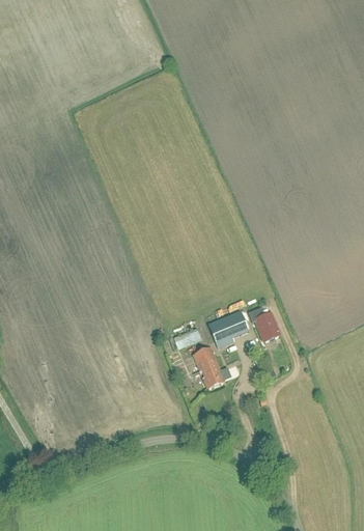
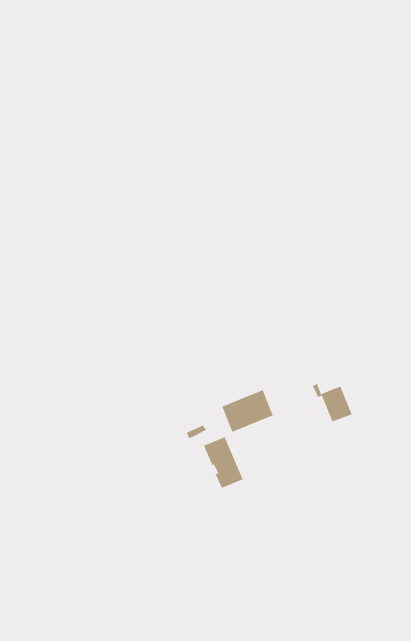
building: [247,310,279,341] -> [312,383,353,422]

